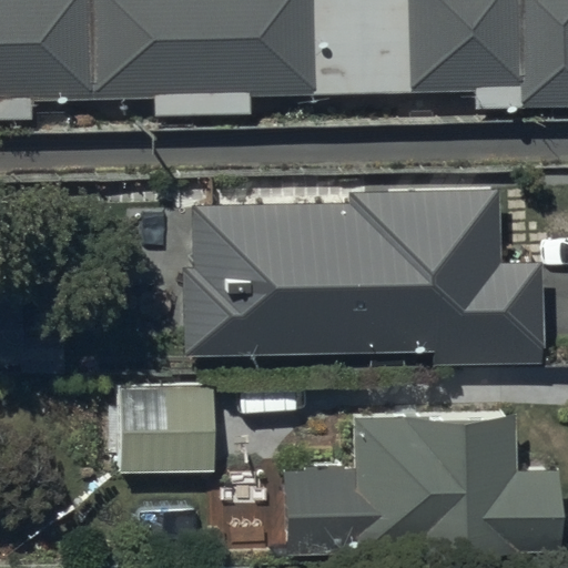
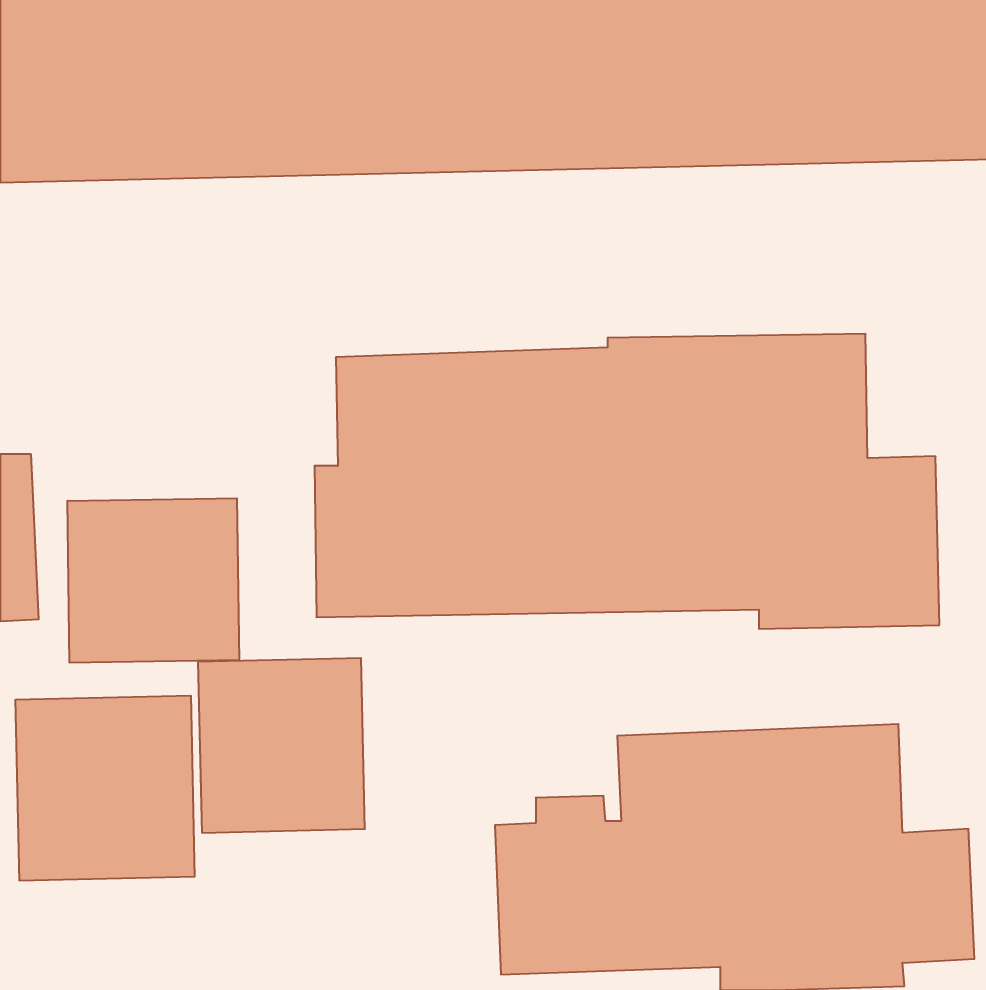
building: none -> [67,498,239,663]
building: none -> [16,696,195,881]

